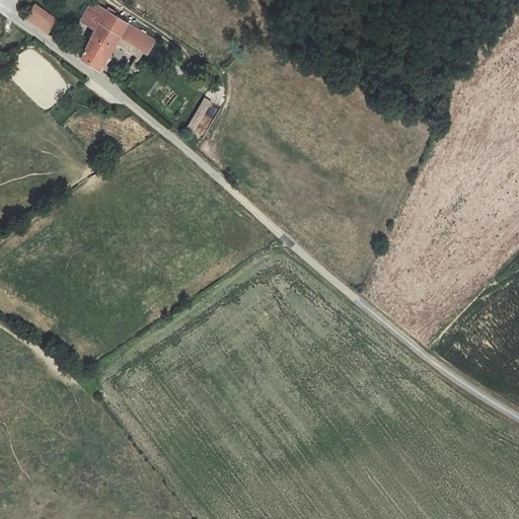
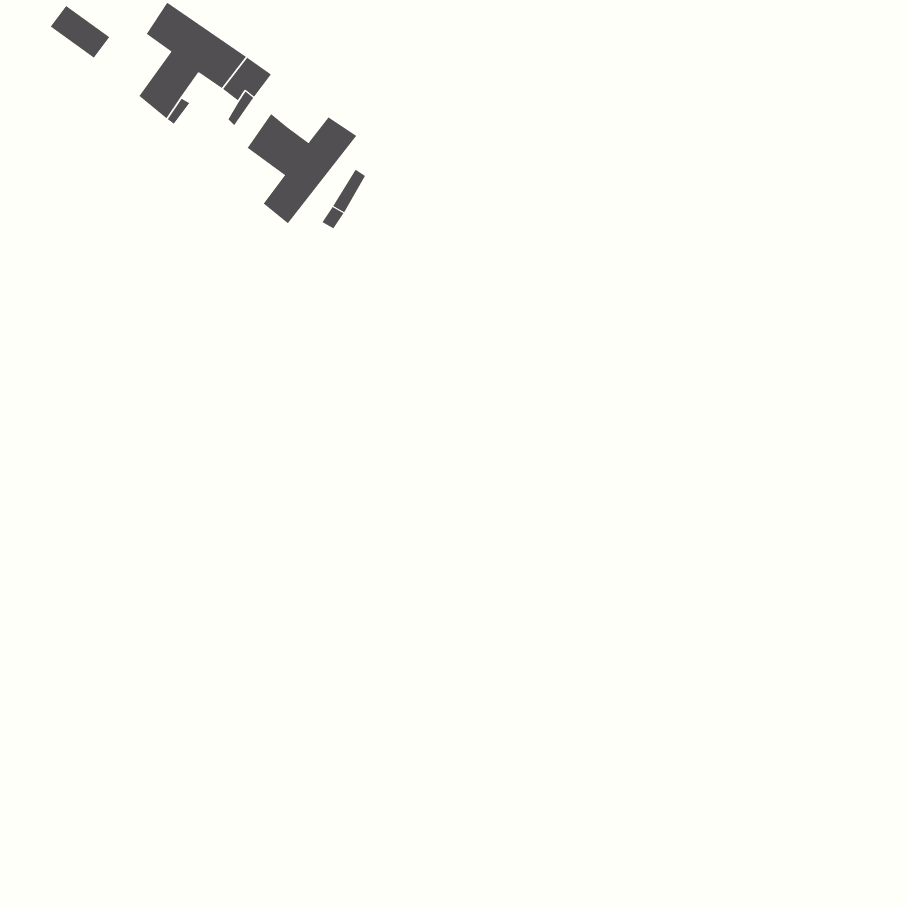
building: none -> [247,113,357,224]

